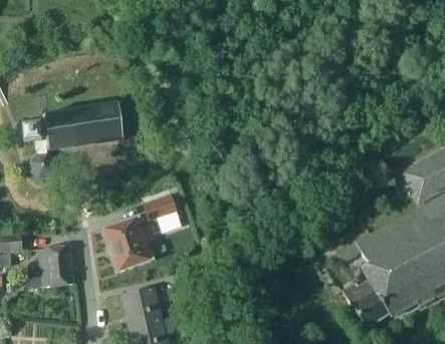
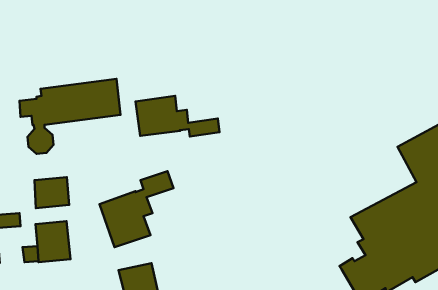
building: none -> [136,96,220,136]
building: none -> [34,177,69,208]

